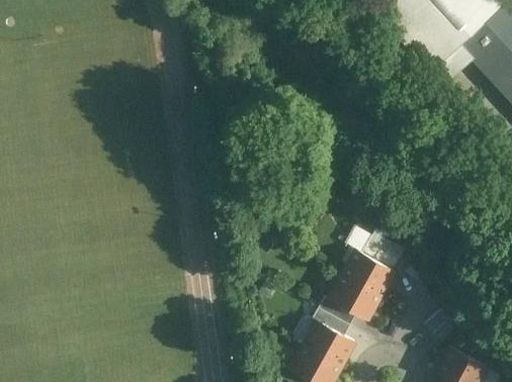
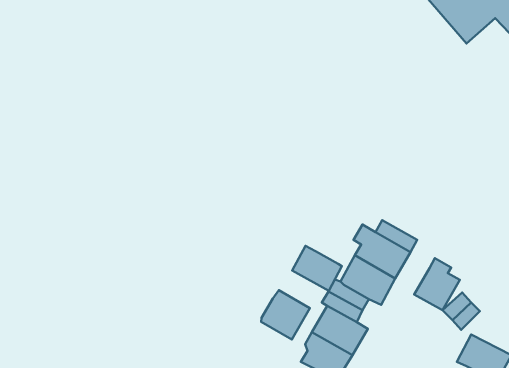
building: none -> [292,246,342,291]
building: none -> [414,258,460,310]
building: none -> [261,290,310,340]

